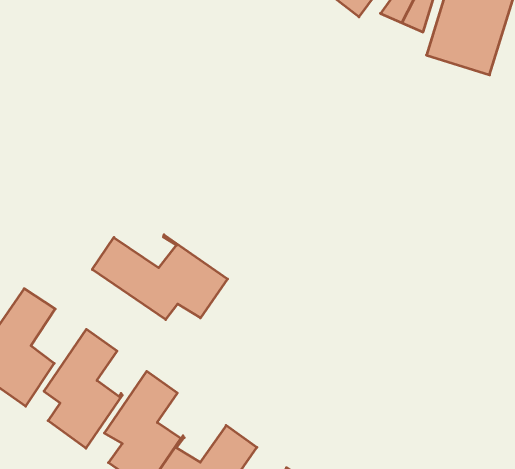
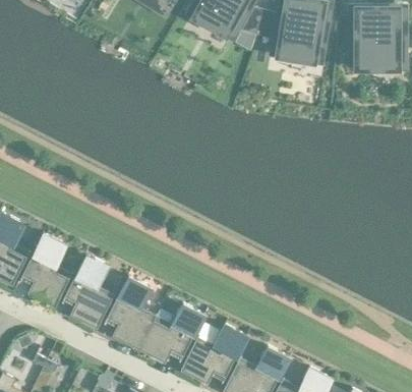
building: [92,235,228,320] -> none

